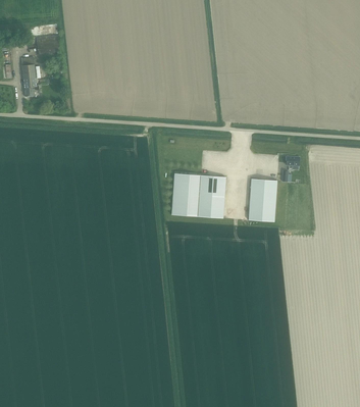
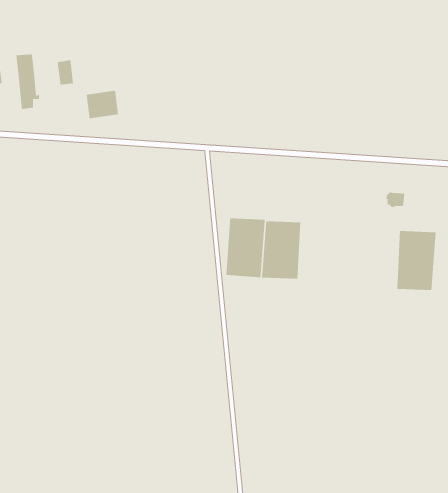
building: [36,34,59,54] -> [86,90,119,119]
building: [248,177,276,220] -> [396,231,436,291]

